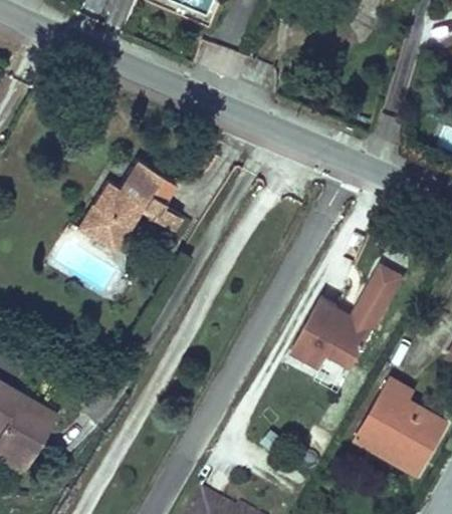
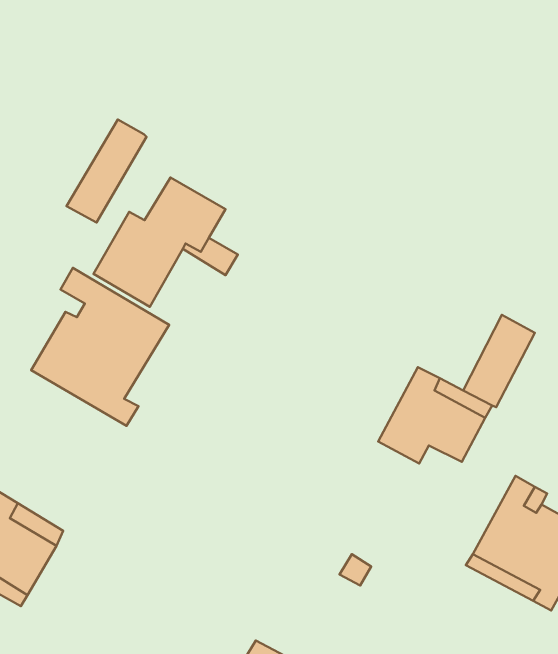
building: none -> [67,119,147,223]
building: none -> [31,268,169,426]

